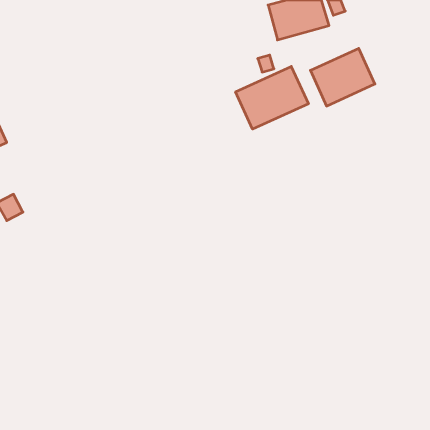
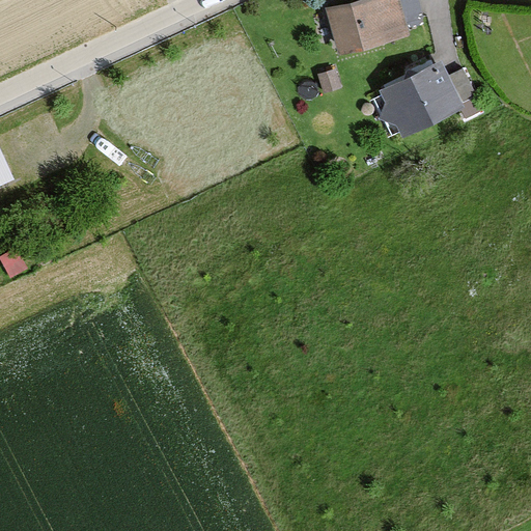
building: [236,66,308,129] -> none

